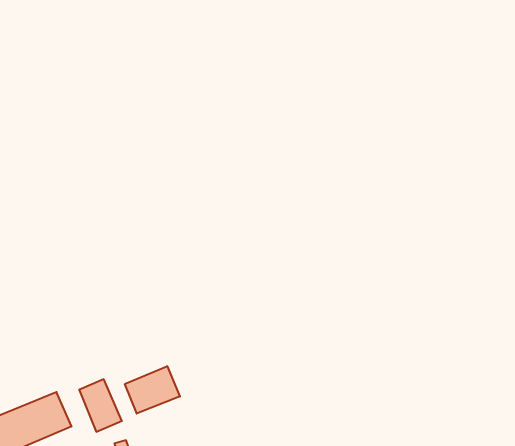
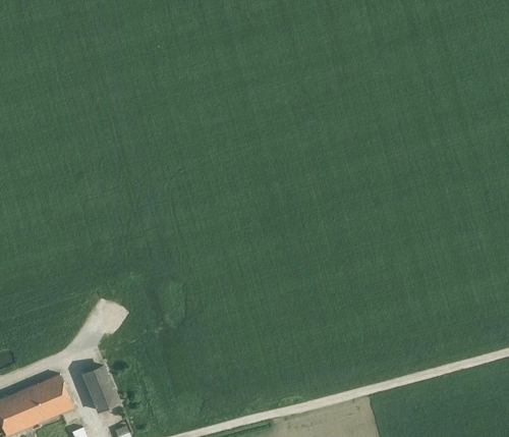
building: [125,366,180,414] -> none

